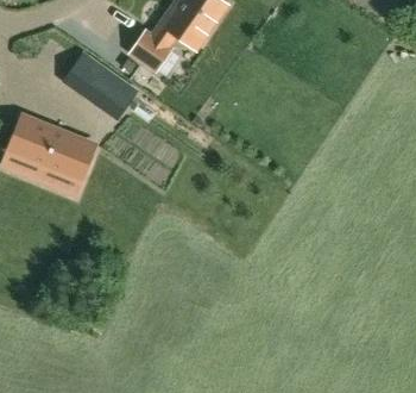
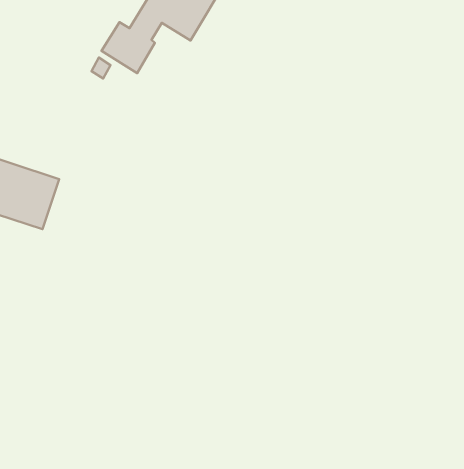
building: [65,57,134,117] -> none

